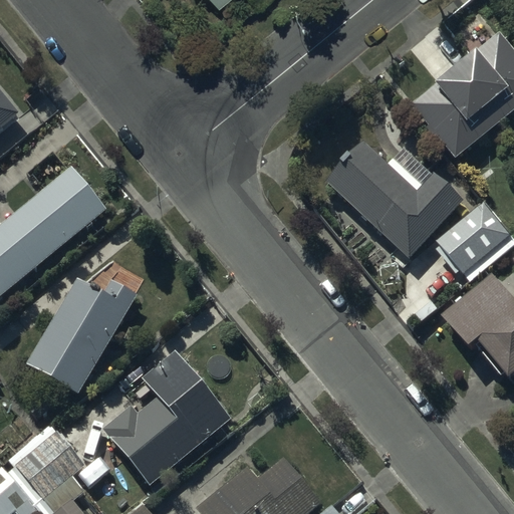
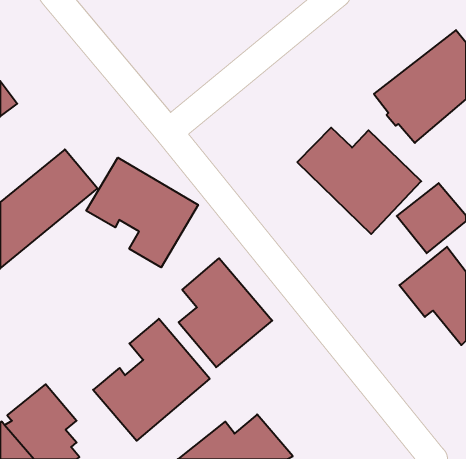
building: none -> [86,158,198,267]
building: [27,277,137,392] -> none
building: none -> [179,258,272,367]

